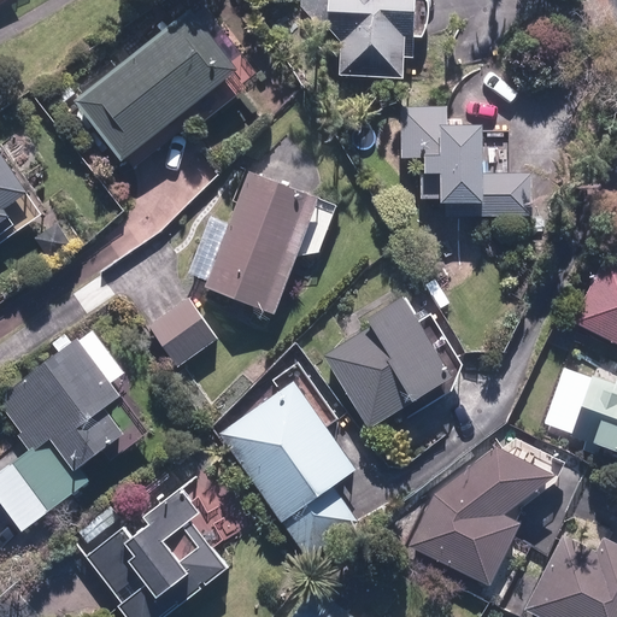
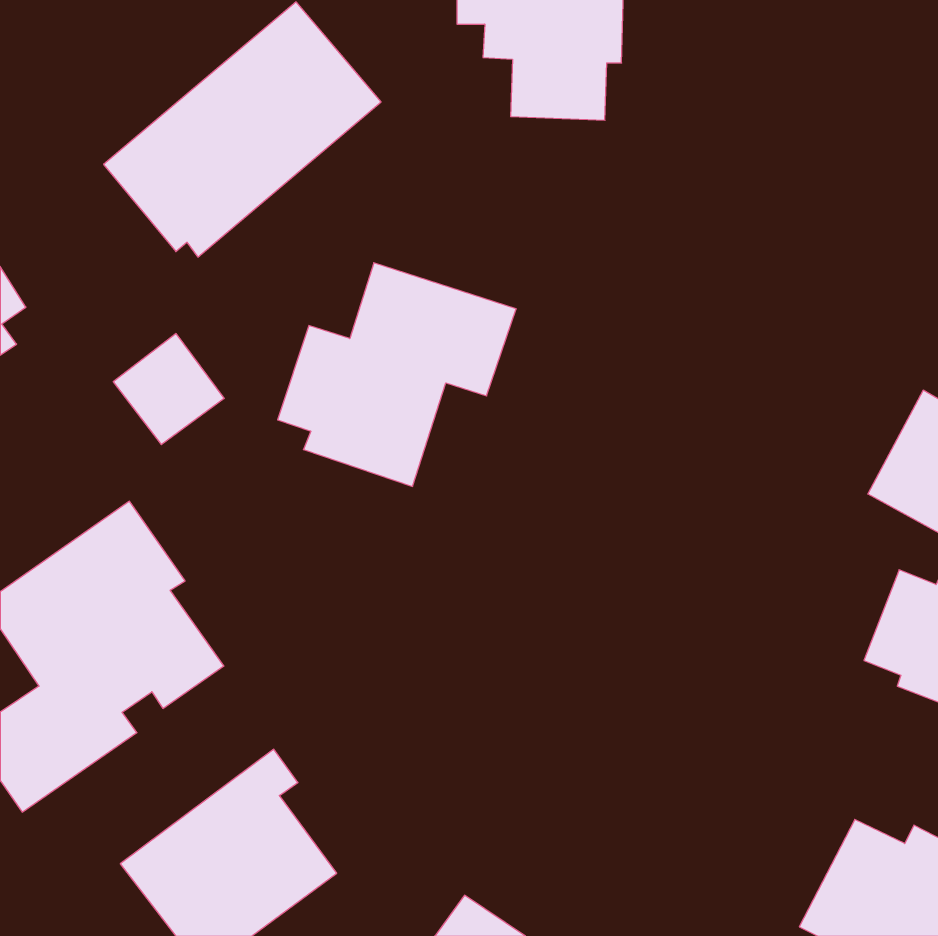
building: [400,104,531,217] -> none
building: [149,292,222,364] -> [113,334,224,445]
building: [323,300,447,428] -> none
building: [222,383,353,550] -> none
building: [412,431,565,581] -> none

